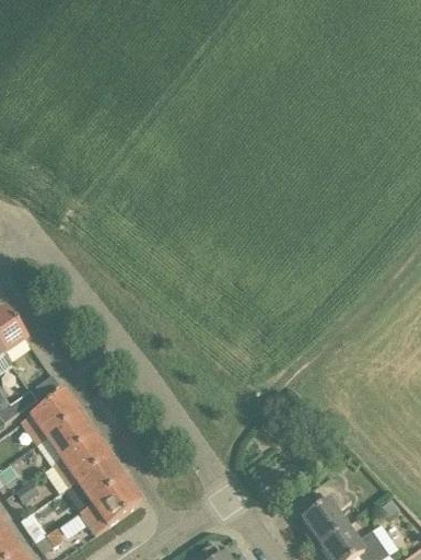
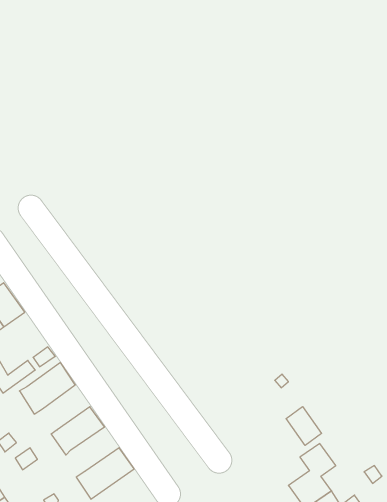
building: [47,413,96,460] -> none
building: none -> [286,407,322,445]
building: [77,457,127,503] -> none

